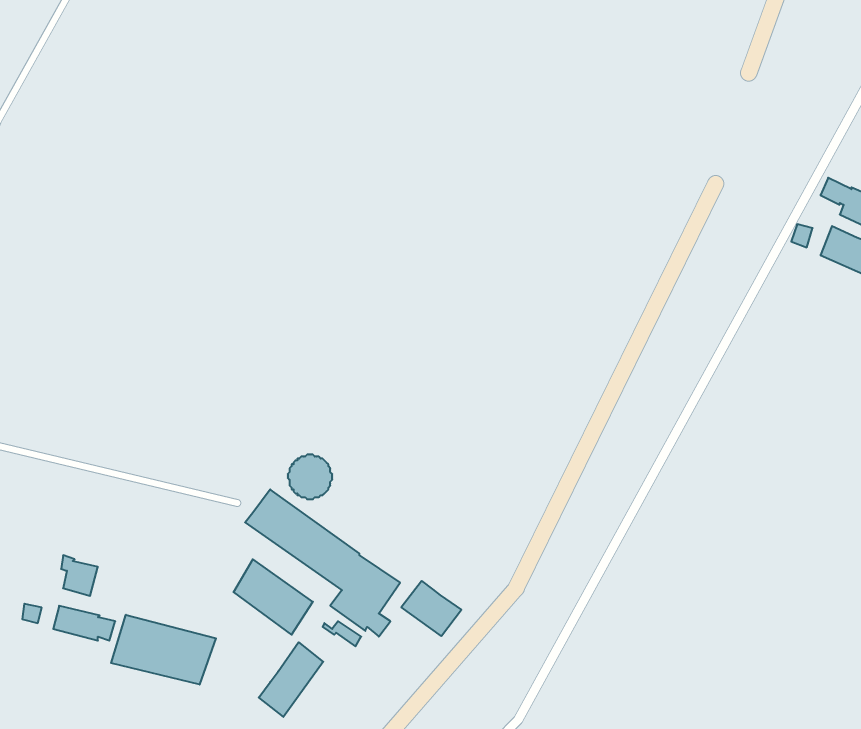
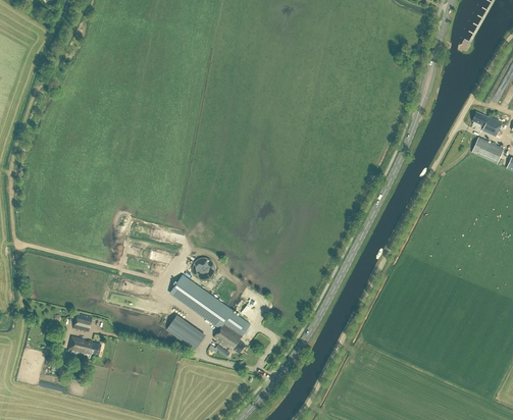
building: [401,581,461,636] -> none
building: [111,615,216,685] -> none
building: [259,642,323,717] -> none

